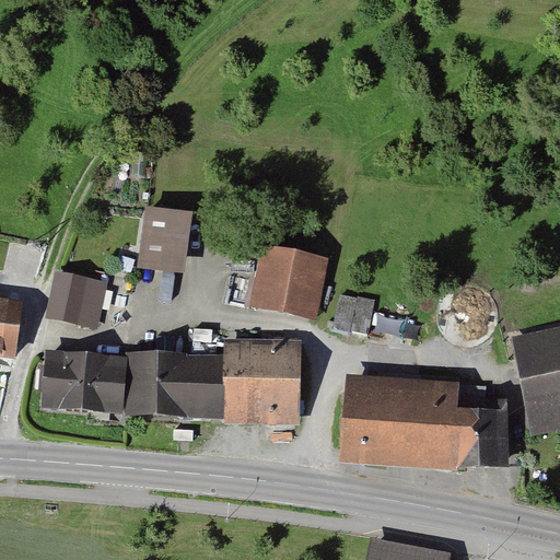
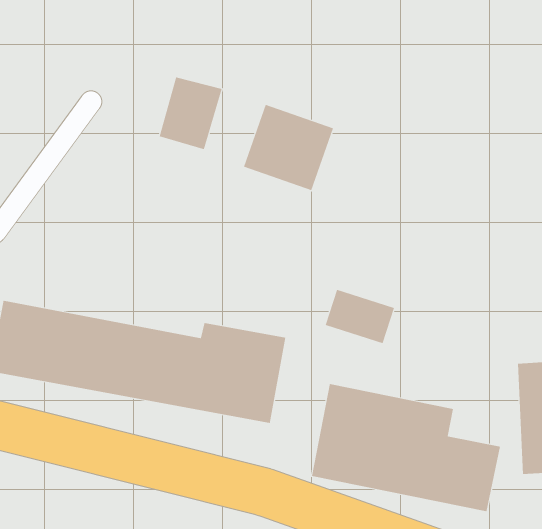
building: [140,210,190,271] -> [159,77,222,150]
building: [250,247,326,318] -> [243,104,334,191]
building: [46,270,103,325] -> none

